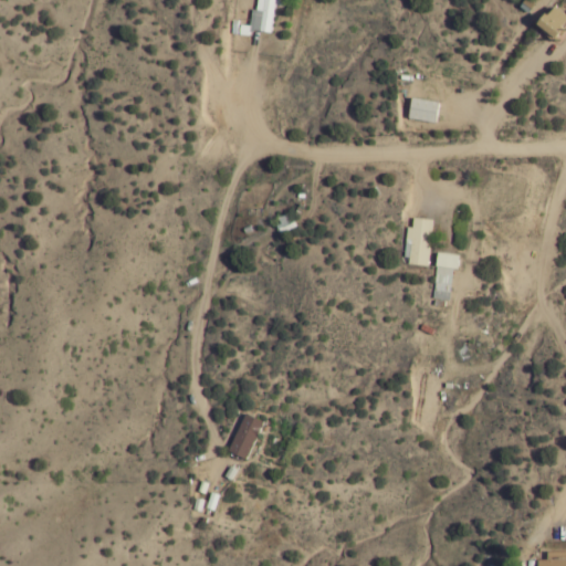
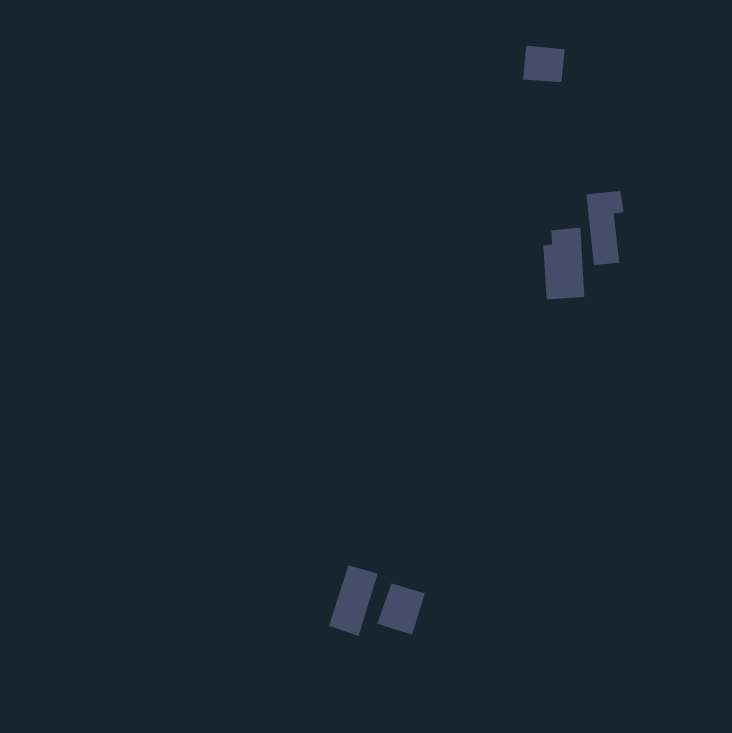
building: [433,253,459,301] -> [586,191,625,265]
building: none -> [376,582,425,636]

